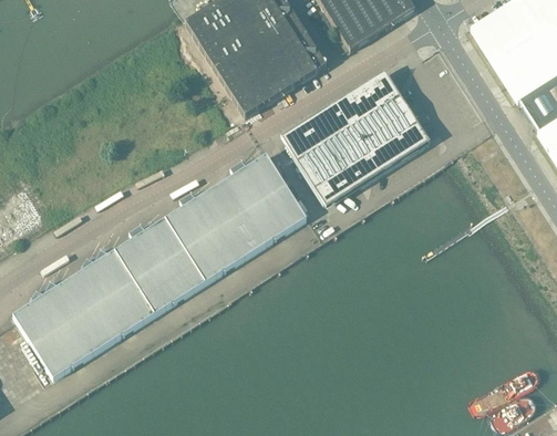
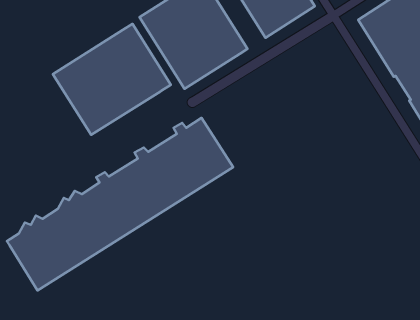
building: none -> [53,24,171,135]
building: [281,71,430,207] -> none

